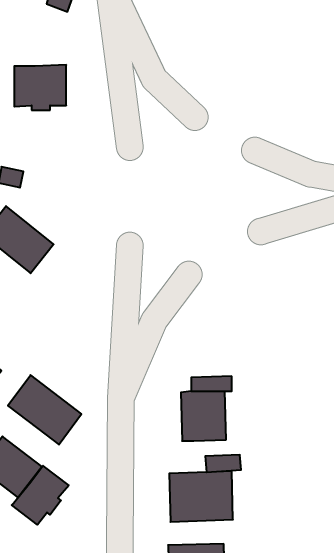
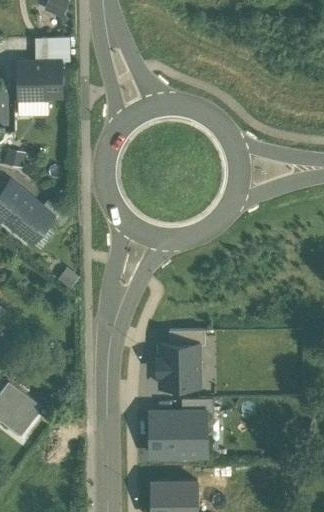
building: none -> [34,40,70,64]
building: [8,375,81,445] -> none
building: [12,466,69,525] -> none

